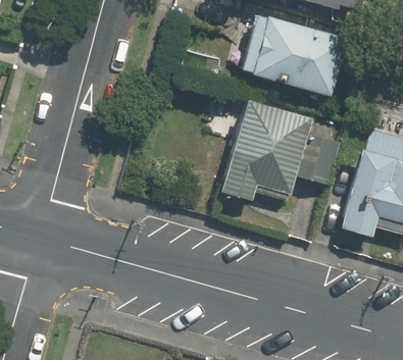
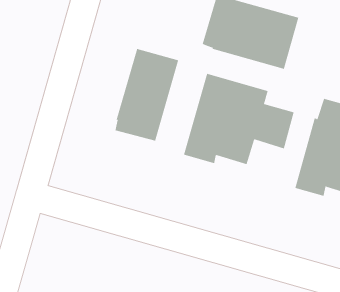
building: none -> [115,48,179,142]

